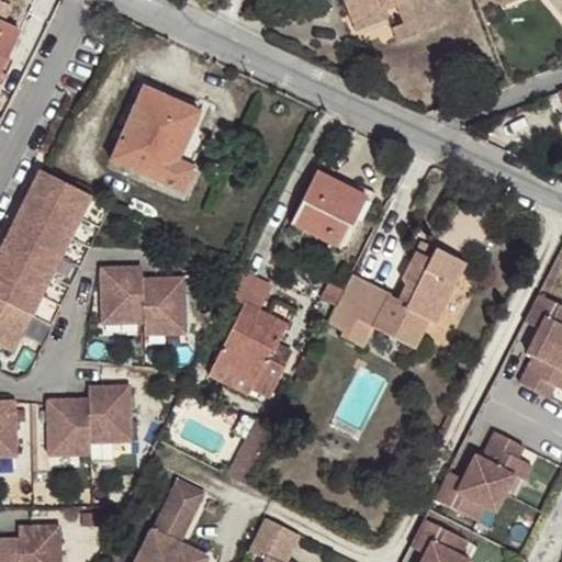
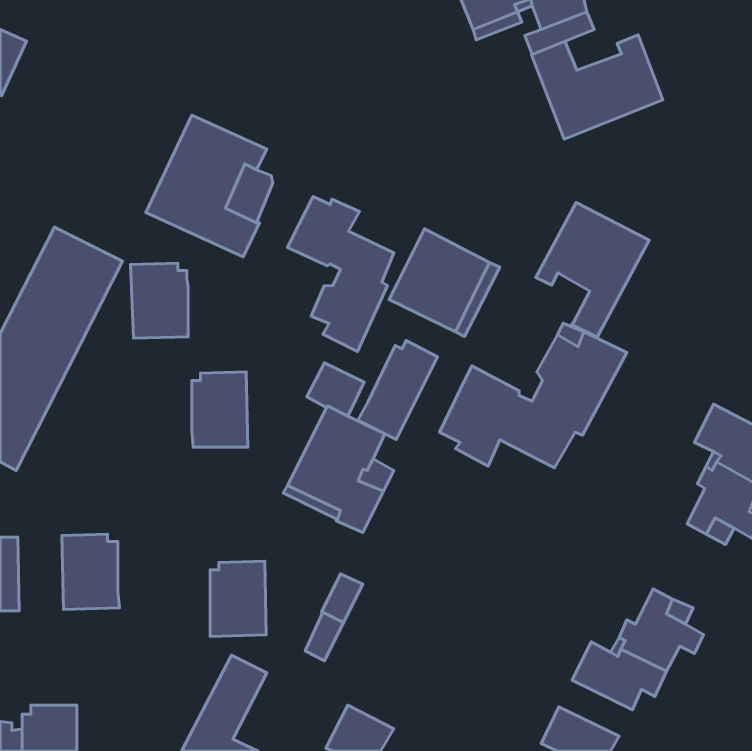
building: none -> [532,35,663,139]
building: none -> [288,196,394,352]
building: none -> [536,203,649,337]
building: none -> [358,341,438,440]
building: [101,266,144,322] -> [131,263,188,338]
building: [89,384,131,440] -> [210,561,266,636]

